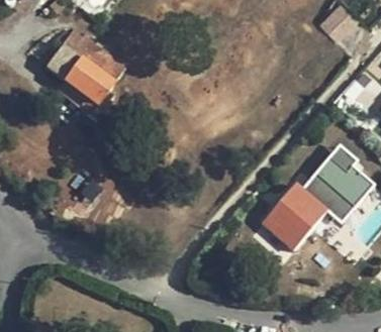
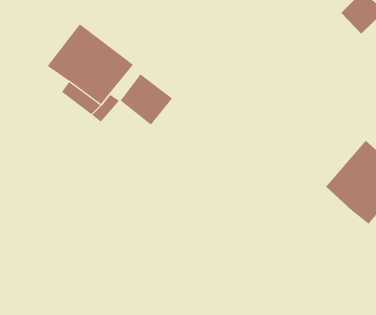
building: none -> [120,73,173,125]
building: [260,178,328,248] -> none

